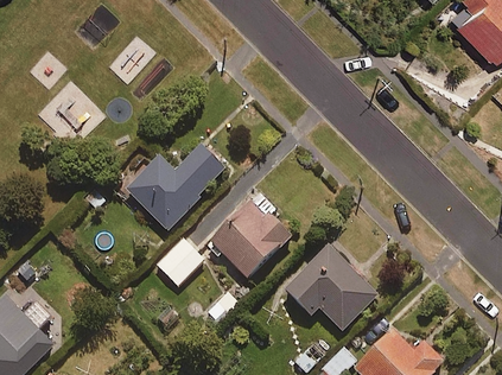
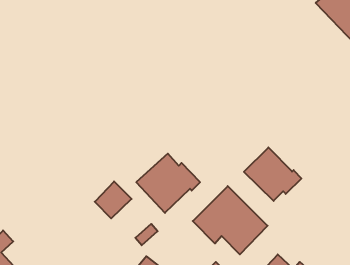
building: [120,145,224,230] -> none
building: none -> [244,147,301,201]

